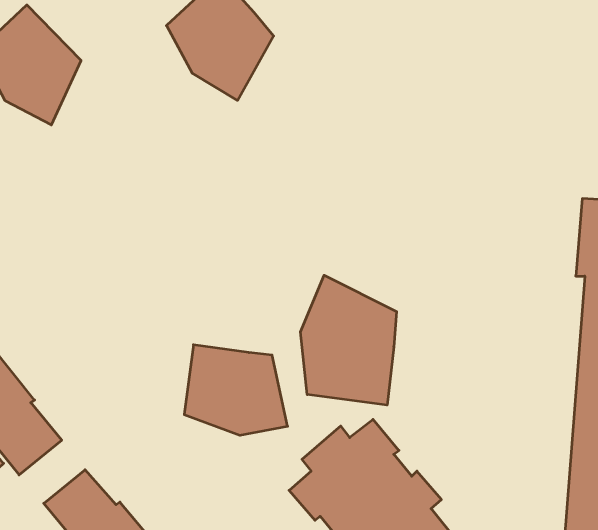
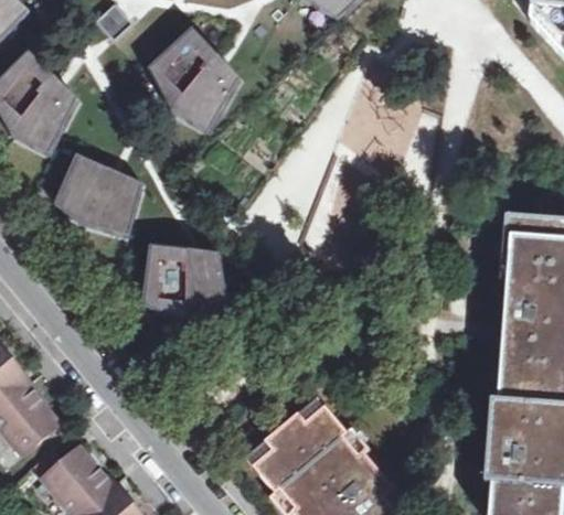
building: none -> [54,157,141,234]
building: [301,275,397,405] -> none
building: [184,345,288,435] -> [142,245,231,322]

